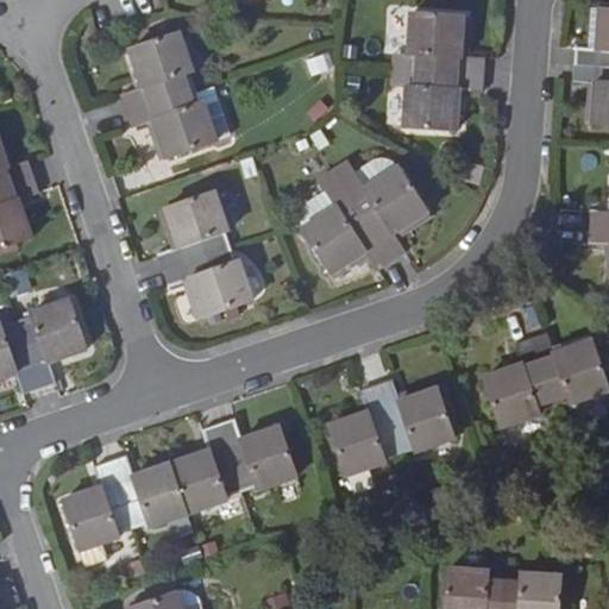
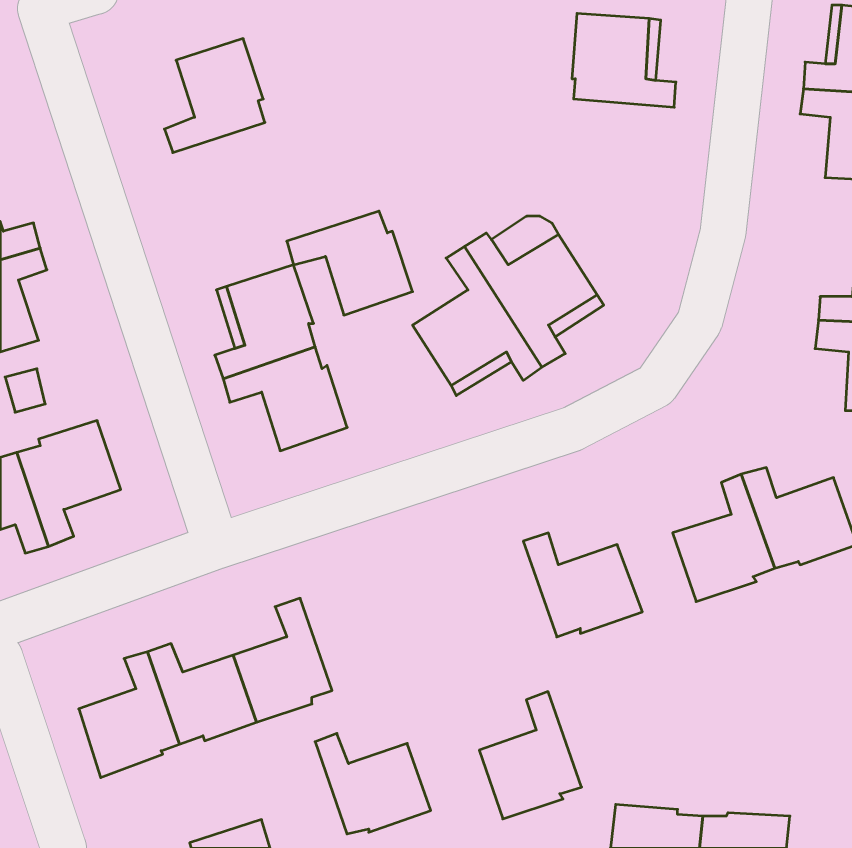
building: [403,70,482,136] -> none
building: [126,87,215,161] -> [287,211,413,315]
building: [326,384,398,475] -> [479,692,582,819]
building: [216,419,299,490] -> [315,733,431,834]

